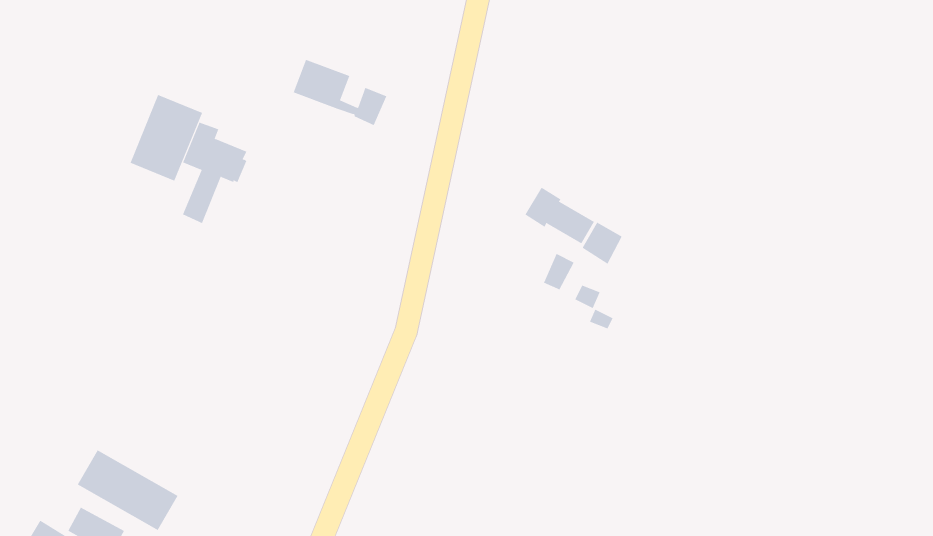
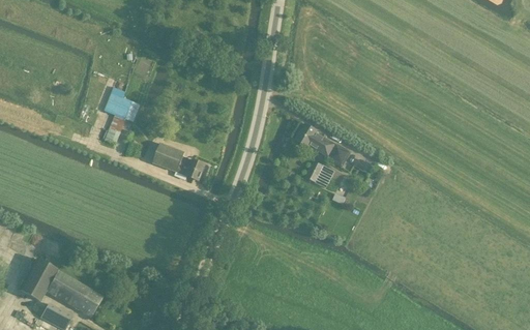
building: [293,59,387,126] -> [152,144,205,181]
building: [130,94,203,181] -> none
building: none -> [19,260,57,302]

